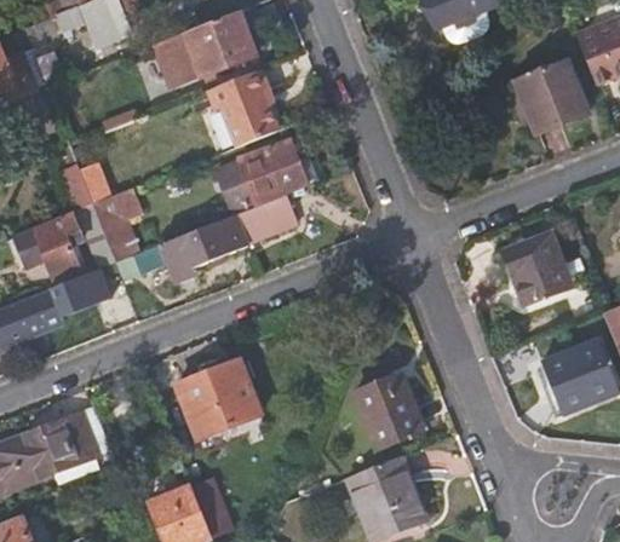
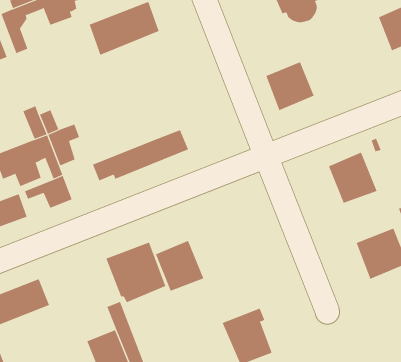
building: [516,60,587,132] -> [266,62,315,111]
building: [208,69,280,148] -> none
building: [214,138,309,214] -> none
building: [352,373,424,448] -> [155,240,204,292]

